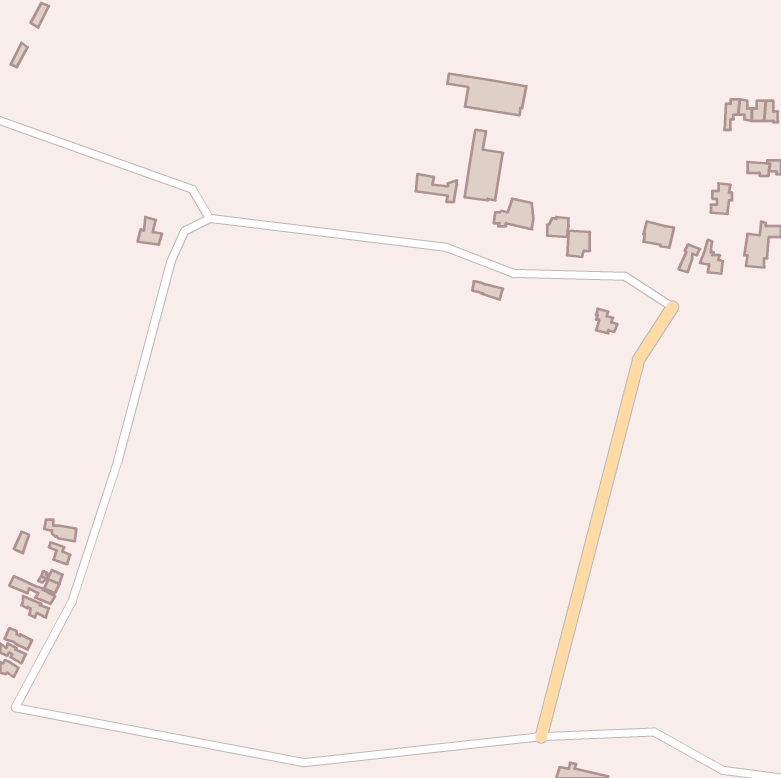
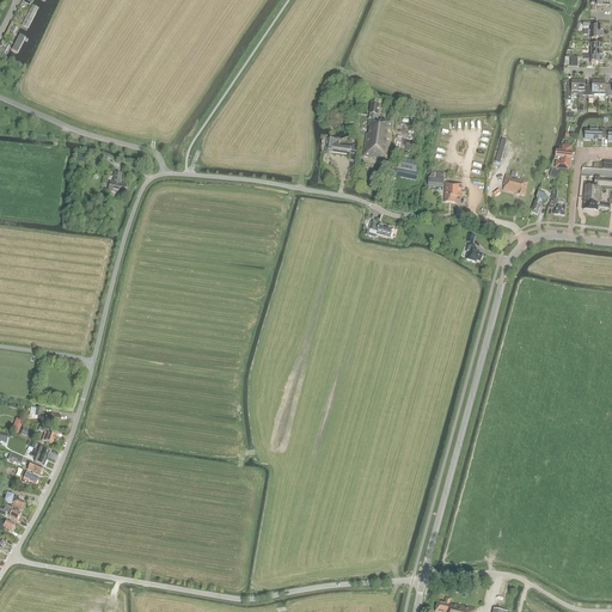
building: [447,74,526,115] -> none

